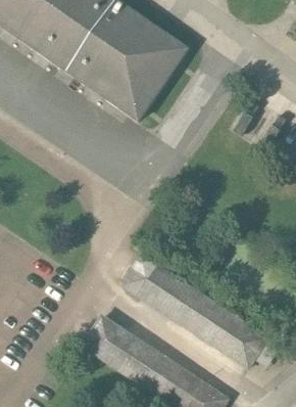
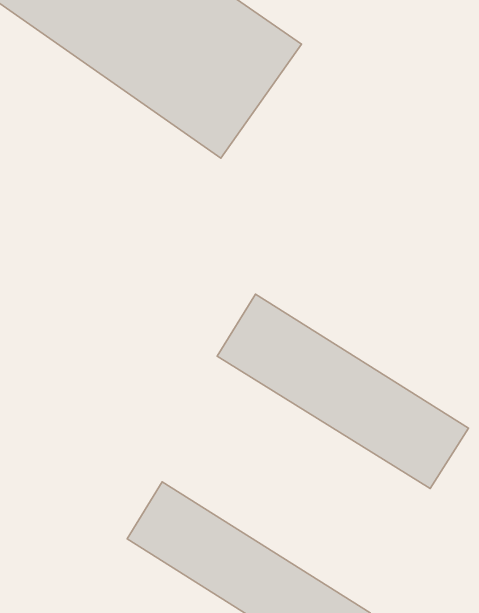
building: [118,253,272,371] -> [217,294,469,489]

